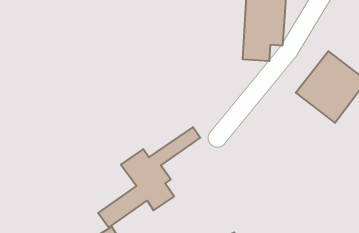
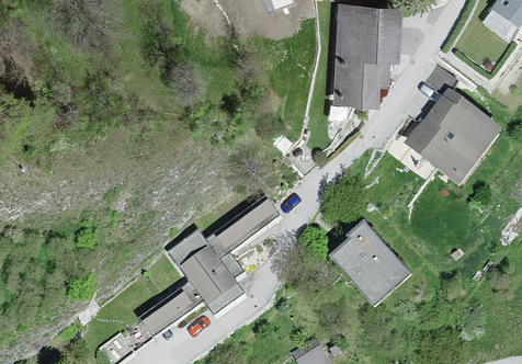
building: none -> [333,229,418,315]

